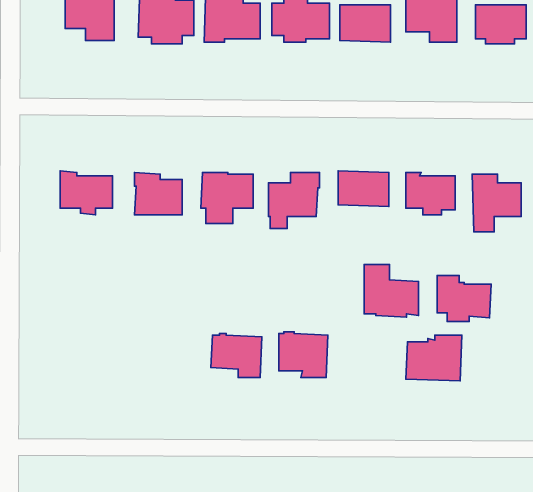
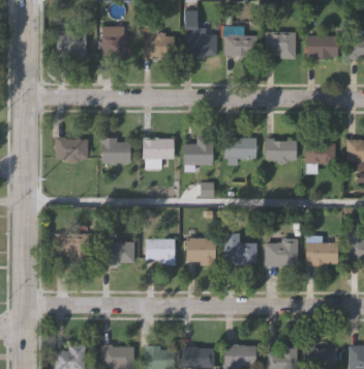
building: [364,265,418,317] -> [224,233,257,265]
building: [437,276,491,321] -> [305,238,338,266]
building: none -> [56,231,91,264]
building: none -> [101,240,137,264]

